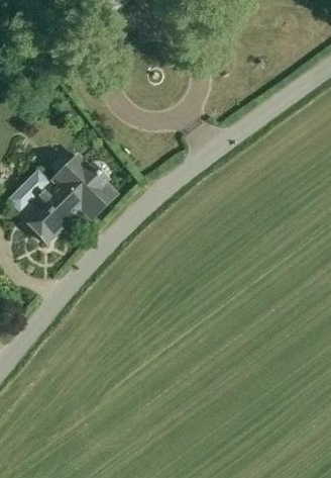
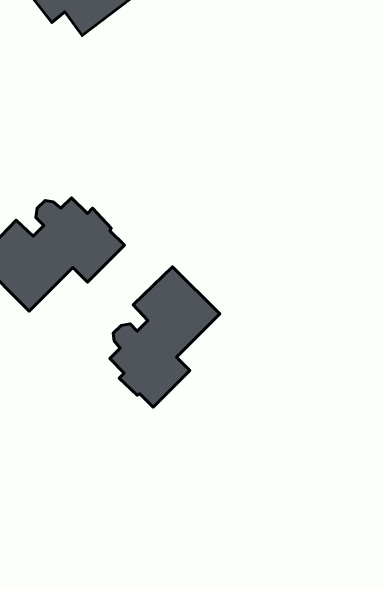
building: none -> [110,267,220,407]

